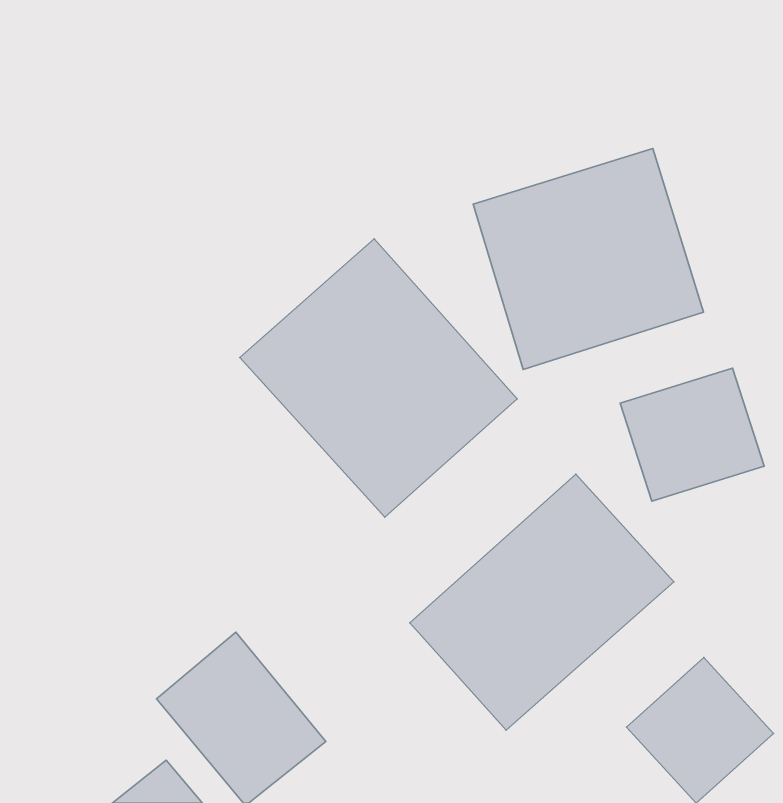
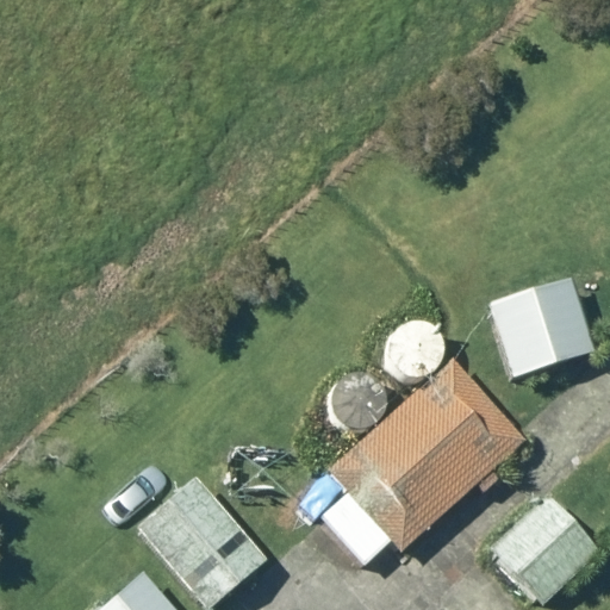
building: [473,149,703,369] -> none
building: [240,239,517,517] -> none

